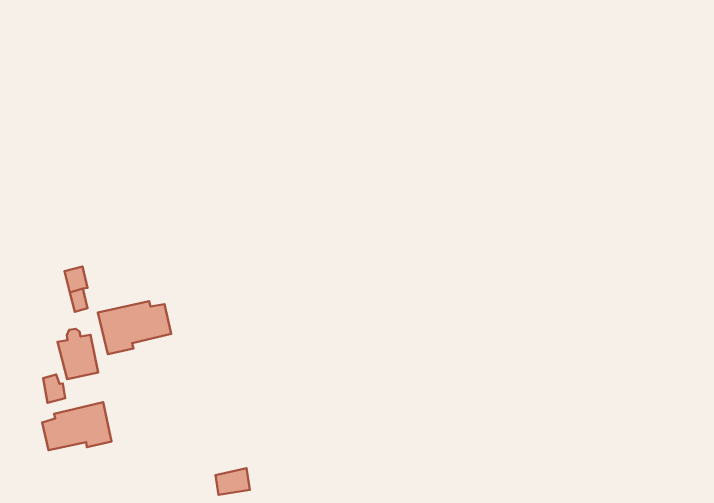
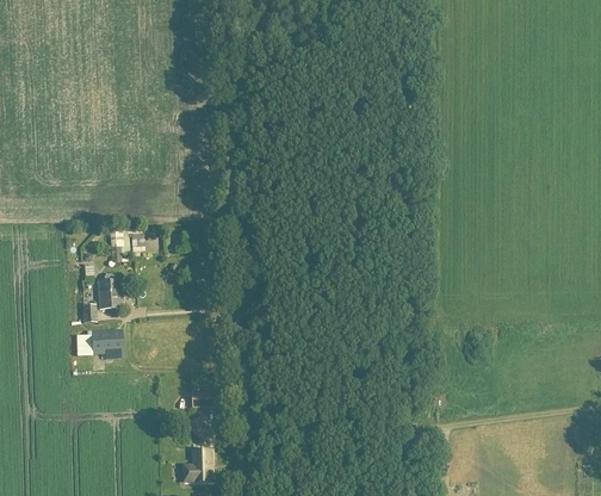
building: [98,301,171,354] -> none

